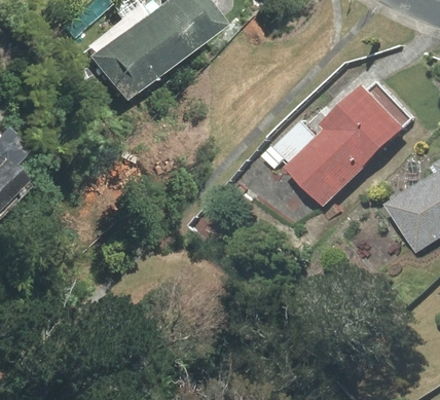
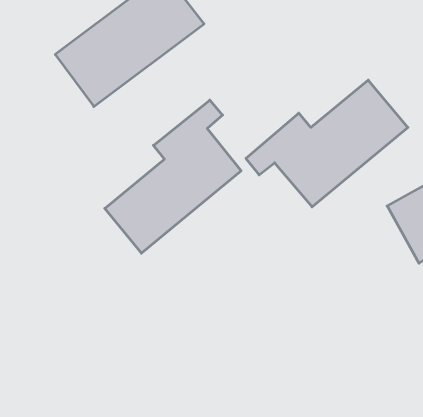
building: none -> [105,100,241,253]

